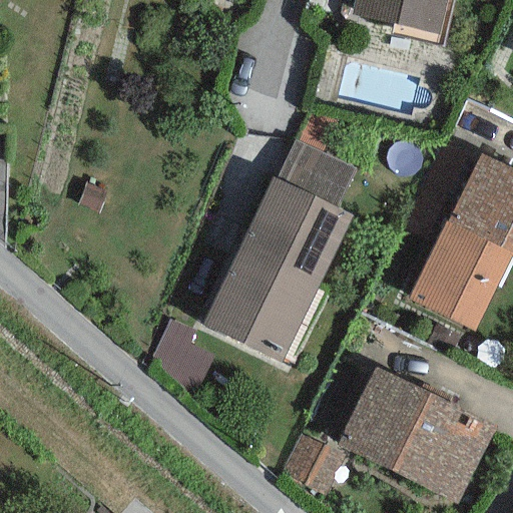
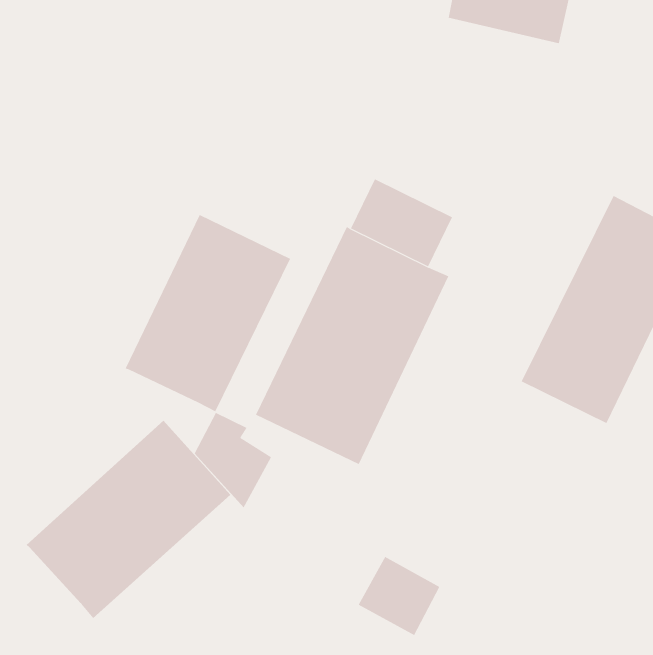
building: none -> [125,214,291,412]
building: none -> [26,420,231,619]
building: [338,366,497,503] -> none

